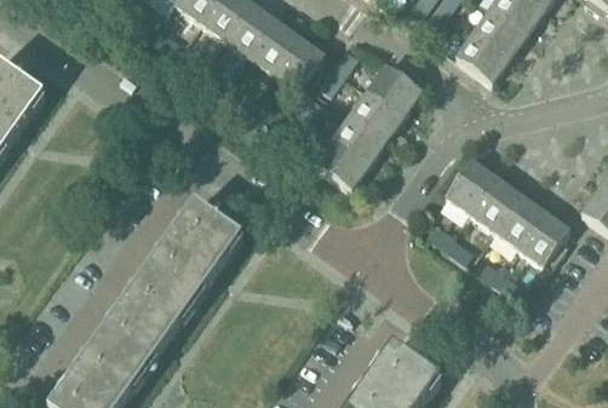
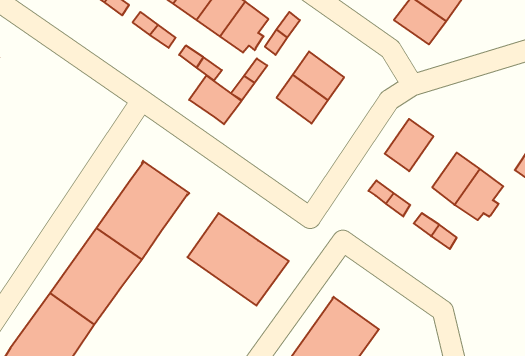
building: [367,63,421,114] -> none
building: [315,136,369,186] -> [189,75,241,124]
building: [471,176,521,229] -> none
building: none -> [187,213,289,306]

